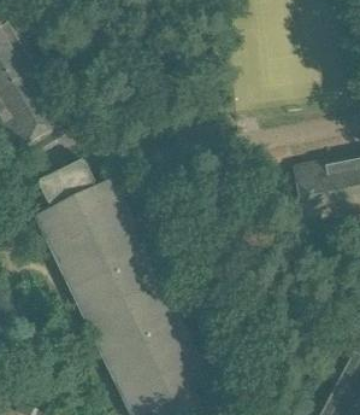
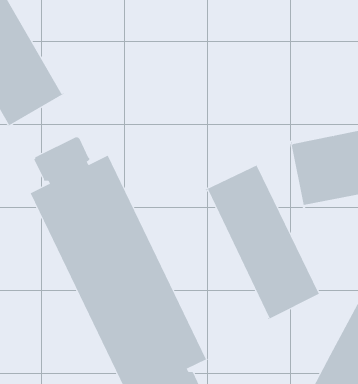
building: none -> [205,164,321,320]

